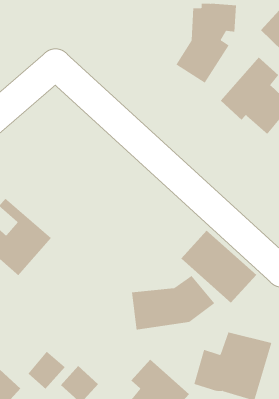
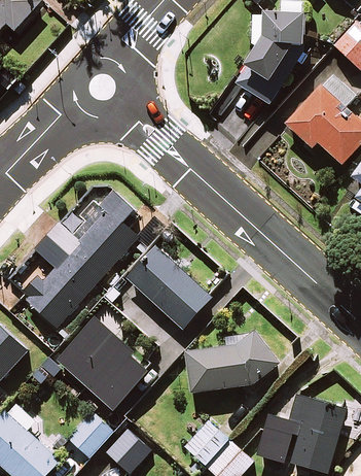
building: none -> [41,189,139,285]
building: [180,230,257,304] -> [124,243,212,328]
building: none -> [56,313,148,408]

